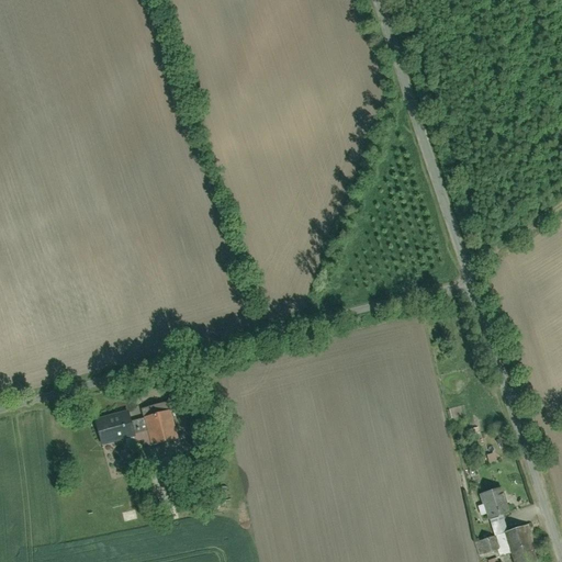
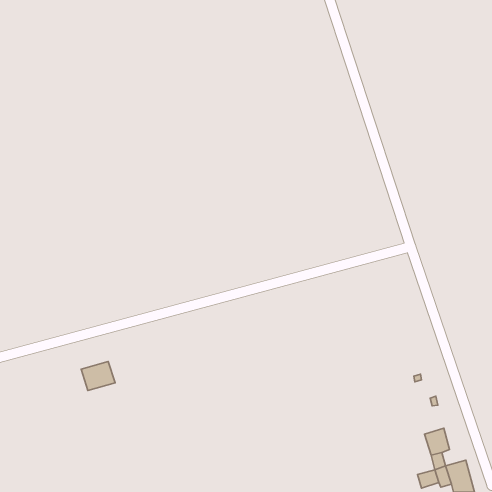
building: [139,409,175,447] -> none

